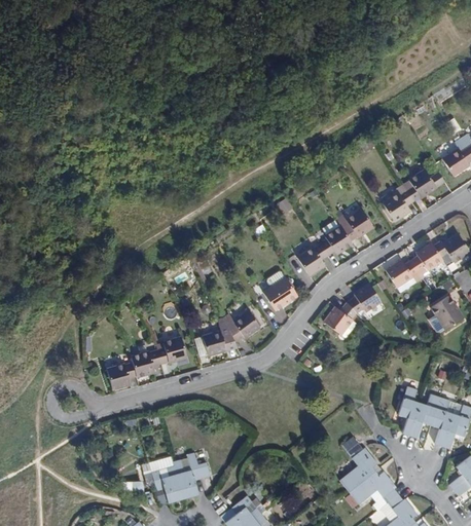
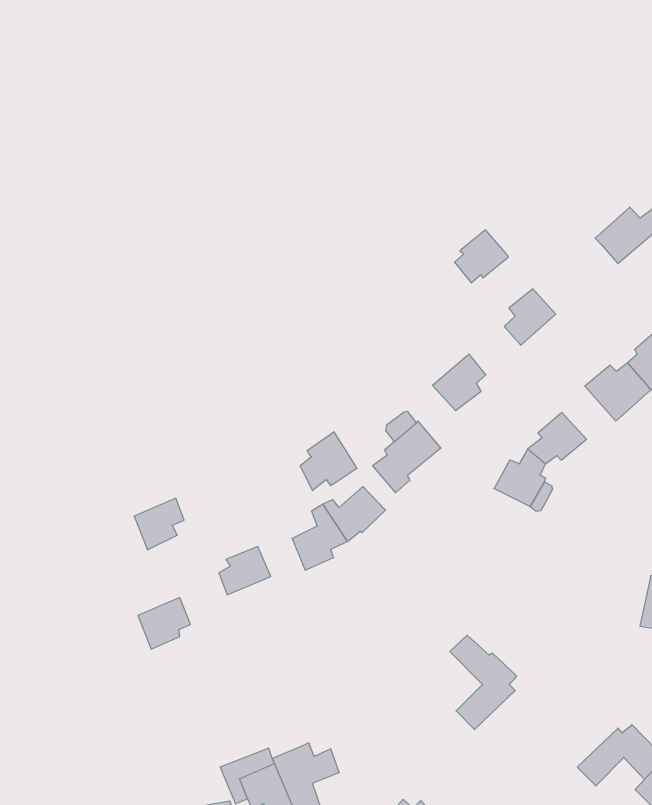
building: [382,189,412,221] -> none
building: [319,226,351,256] -> [454,230,508,283]
building: none -> [300,432,357,491]
building: [131,350,159,378] -> [134,498,184,550]
building: [340,436,378,491] -> [450,635,517,730]

